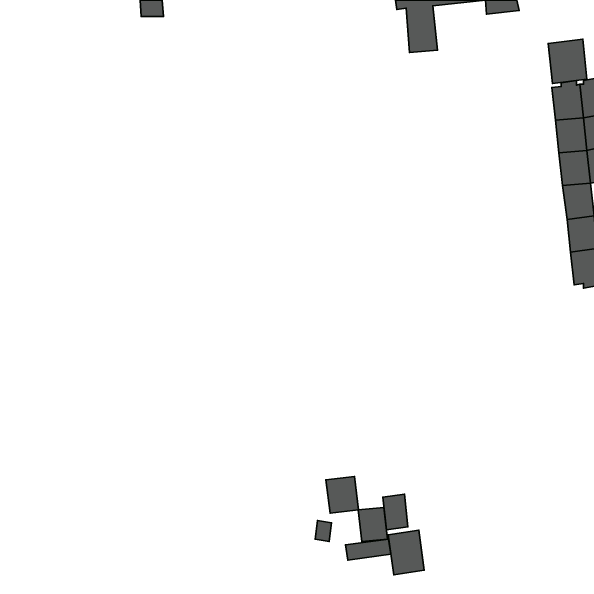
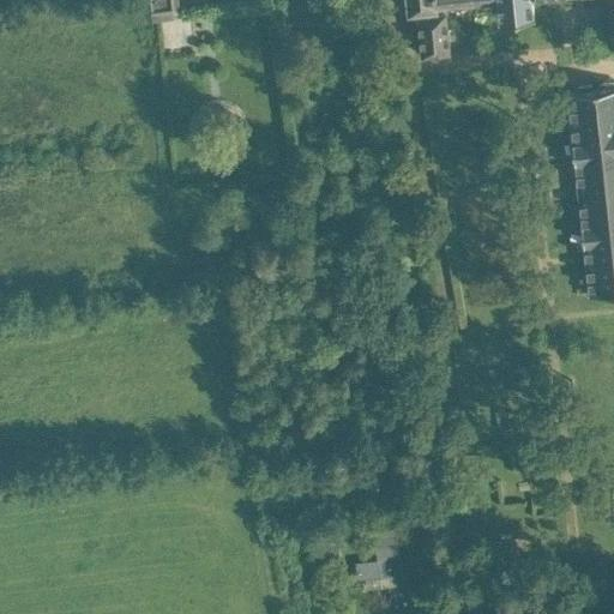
building: [548,39,587,84] -> none
building: [326,477,359,513] -> none
building: [383,494,408,530] -> none
building: [388,530,424,575] -> none

